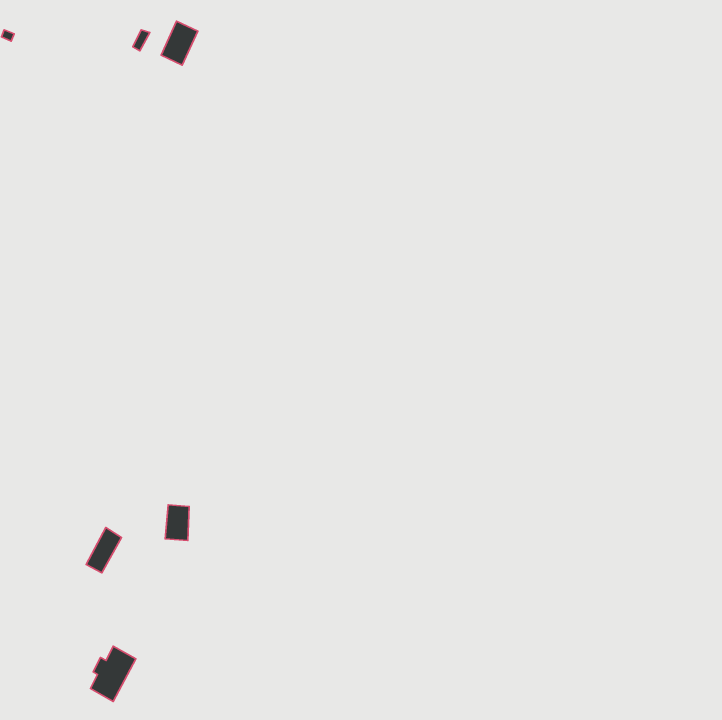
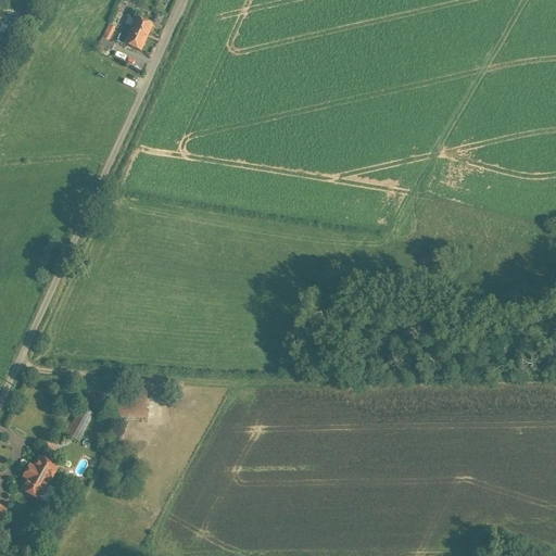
building: [90,646,136,701] -> [22,456,56,498]

